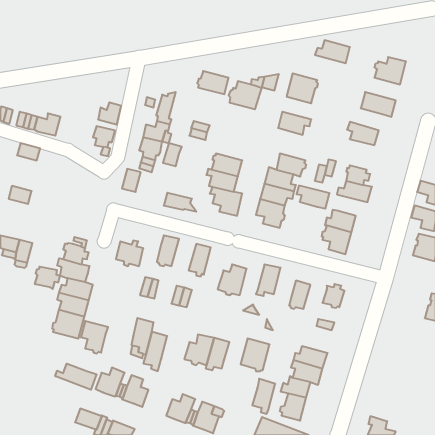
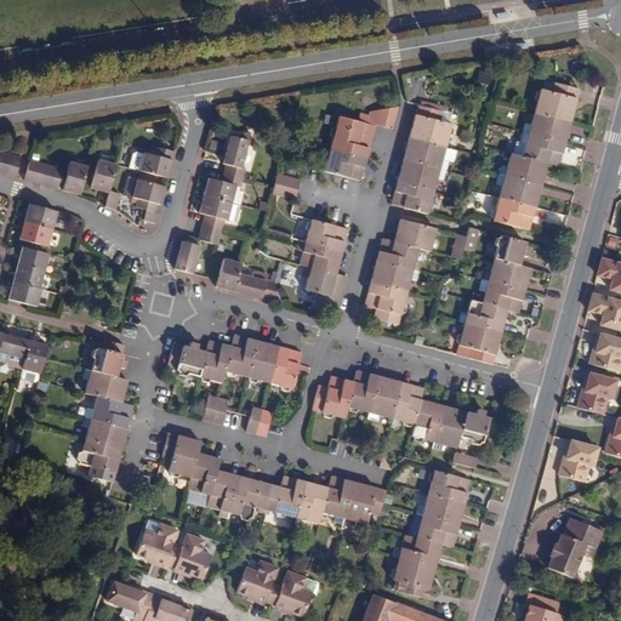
building: [315,40,350,63] -> [520,110,570,143]
building: [197,71,229,94] -> [319,146,364,178]
building: none -> [403,137,446,170]
building: none -> [498,153,546,186]
building: none -> [91,159,120,209]
building: none -> [391,182,432,213]
building: none -> [491,198,534,229]
building: [163,143,182,166] -> [216,260,243,292]
building: none -> [21,221,53,246]
building: none -> [18,246,51,272]
building: [296,186,330,209] -> [477,277,524,309]
building: none -> [8,283,42,307]
building: none -> [245,340,280,384]
building: none -> [199,341,230,384]
building: none -> [346,370,377,412]
building: none -> [575,371,615,414]
building: [35,267,60,289] -> none
building: none -> [391,381,425,427]
building: none -> [432,405,466,450]
building: none -> [557,439,598,482]
building: [81,321,108,353] -> [161,433,200,479]
building: none -> [431,472,473,502]
building: none -> [230,478,270,518]
building: none -> [548,517,600,576]
building: [55,364,97,390] -> none
building: [252,379,275,414] -> [320,474,353,524]

